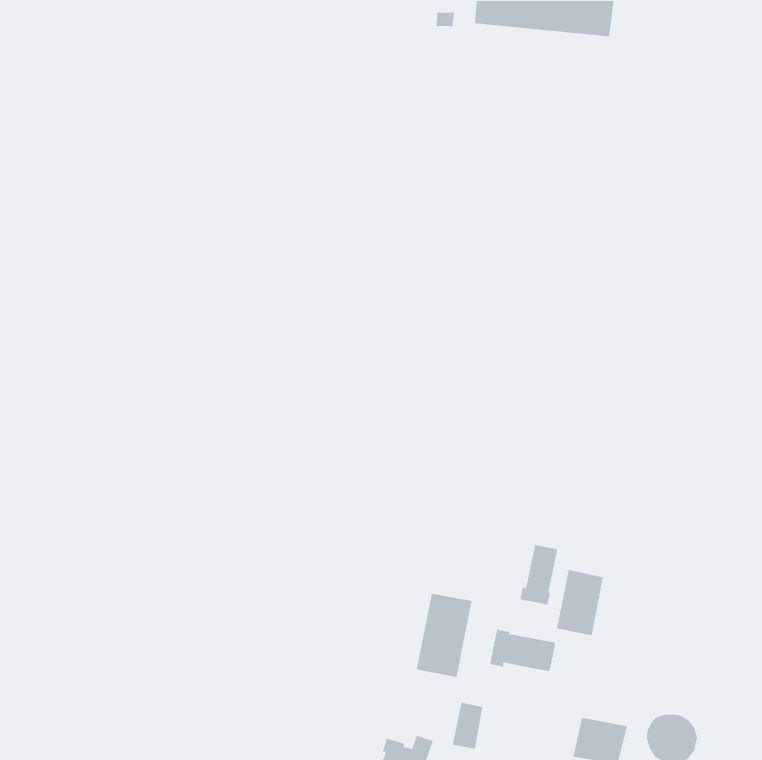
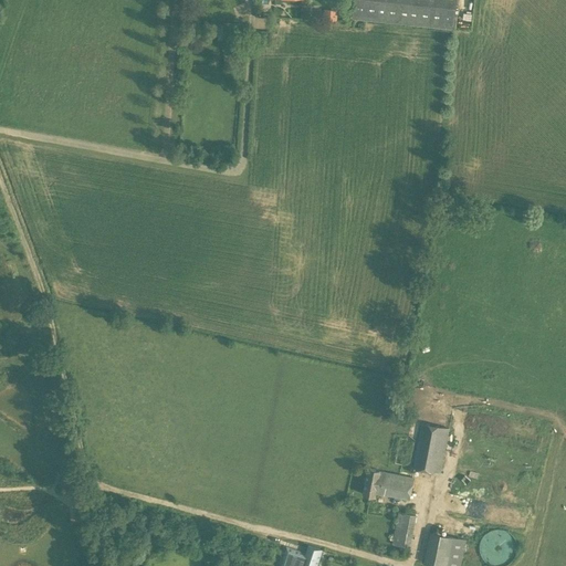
building: [519,544,558,605] -> none
building: [416,593,472,678] -> none
building: [452,702,483,750] -> [391,512,415,547]

